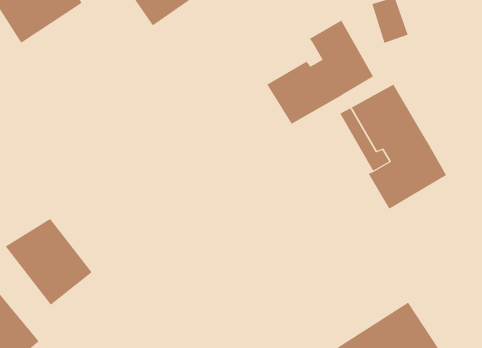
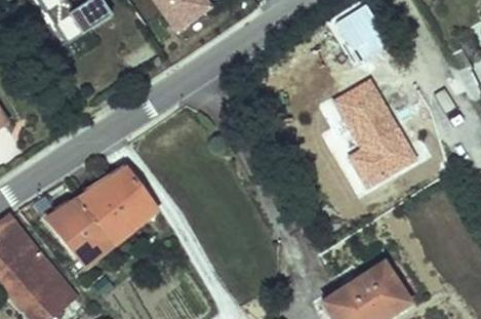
building: [267,20,374,125] -> none
building: none -> [85,167,157,238]

